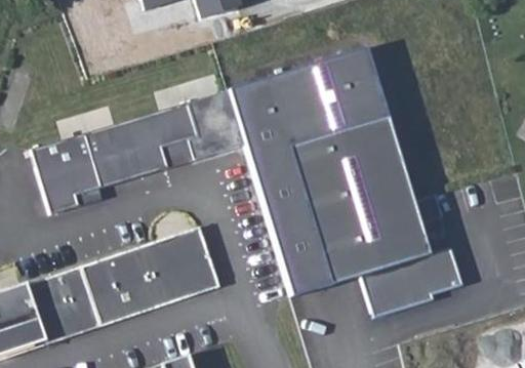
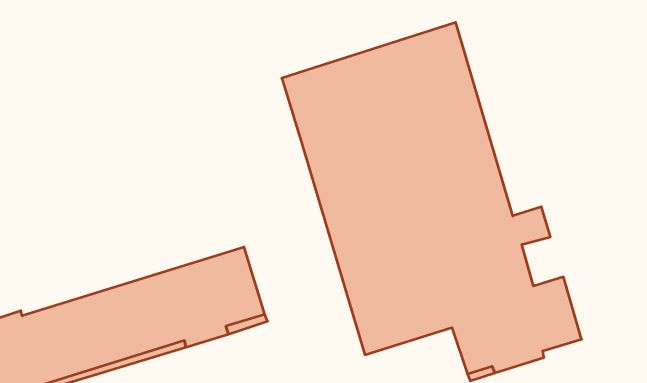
building: [29,92,245,216] -> none

